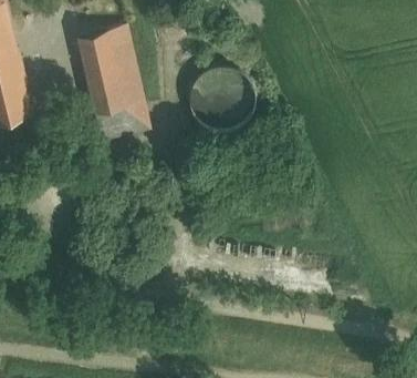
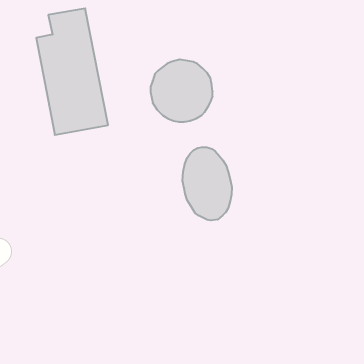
building: none -> [183,147,232,220]

